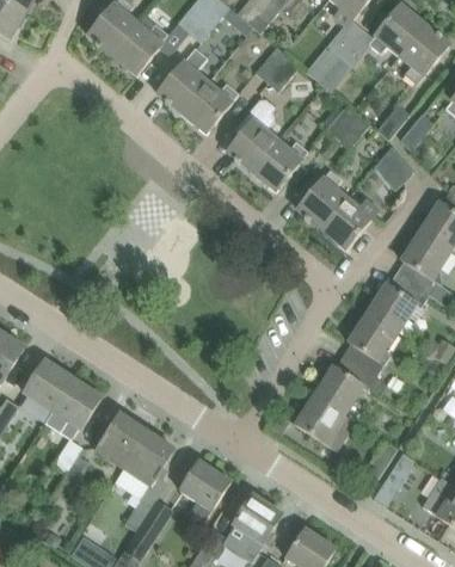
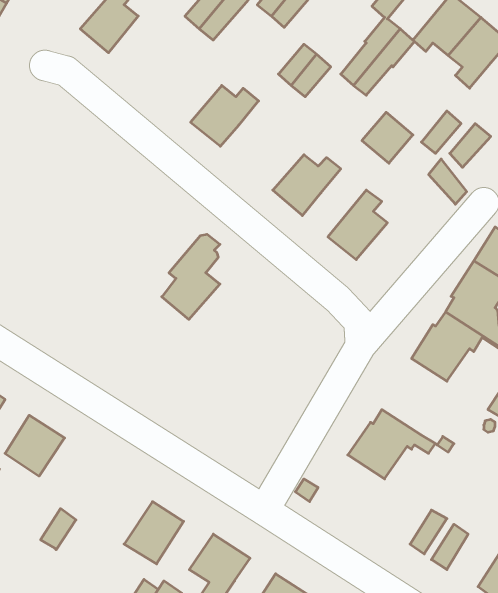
building: [112,23,170,74] -> none
building: [158,48,208,112] -> none
building: [228,98,277,170] -> [162,234,220,319]
building: [321,197,379,248] -> none
building: [343,312,398,376] -> none
building: [54,378,102,429] -> none
building: [295,393,357,450] -> none
building: [97,413,149,468] -> none

